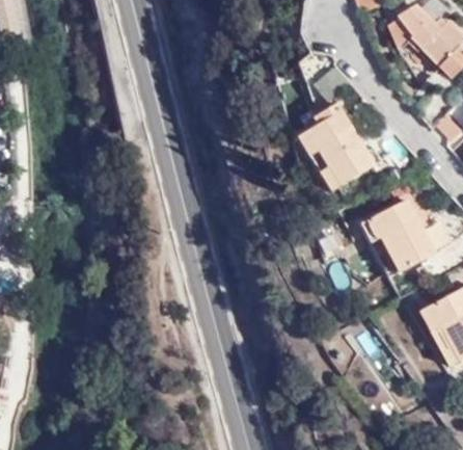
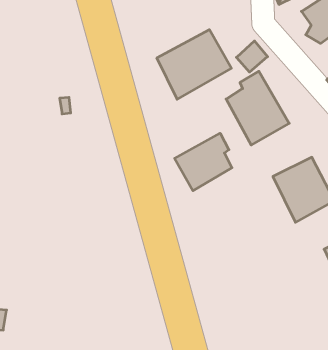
building: none -> [157,30,231,99]
building: none -> [175,133,232,191]

